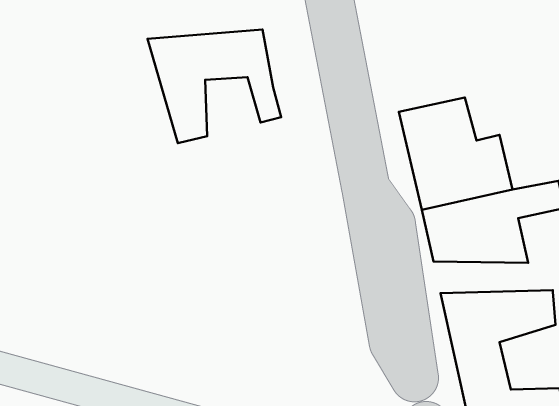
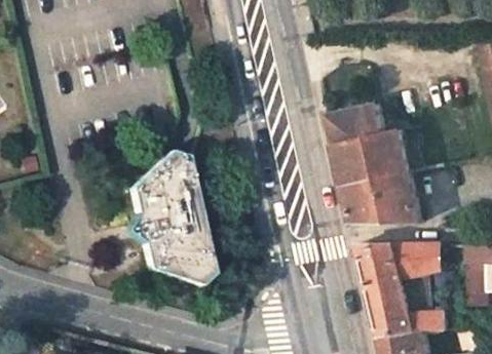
building: [148,29,281,143] -> none
building: none -> [123,152,211,287]

